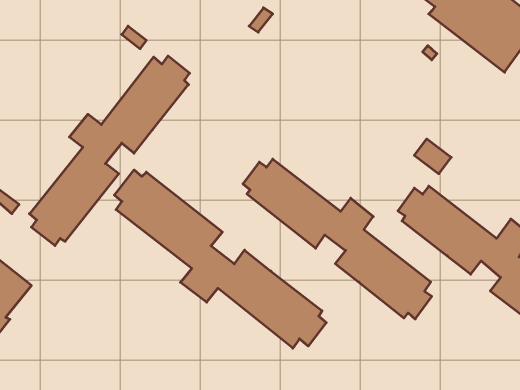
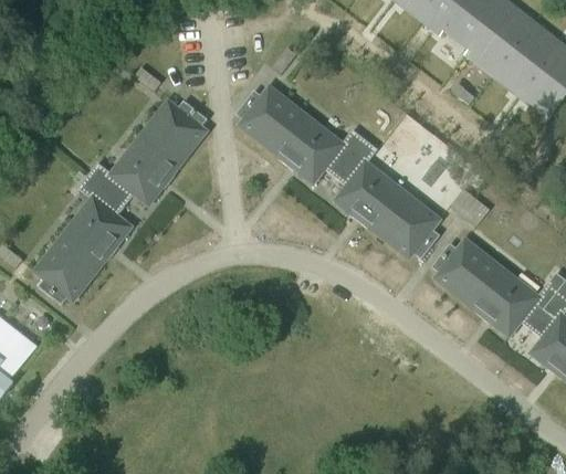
building: [243,159,432,319] -> [235,86,439,259]
building: [114,170,326,348] -> none

